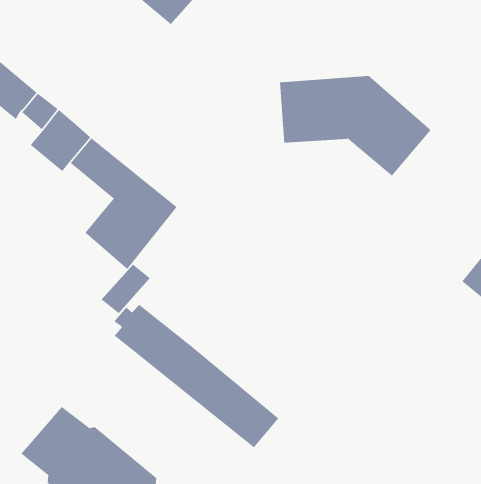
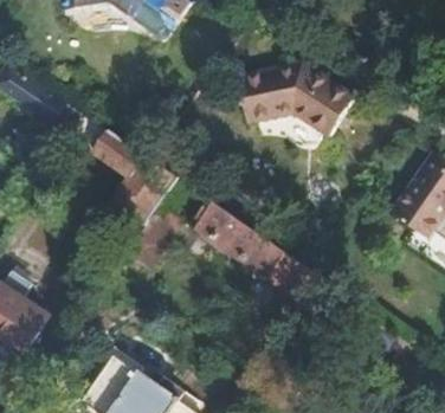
building: [114,304,279,448] -> [195,204,324,303]

